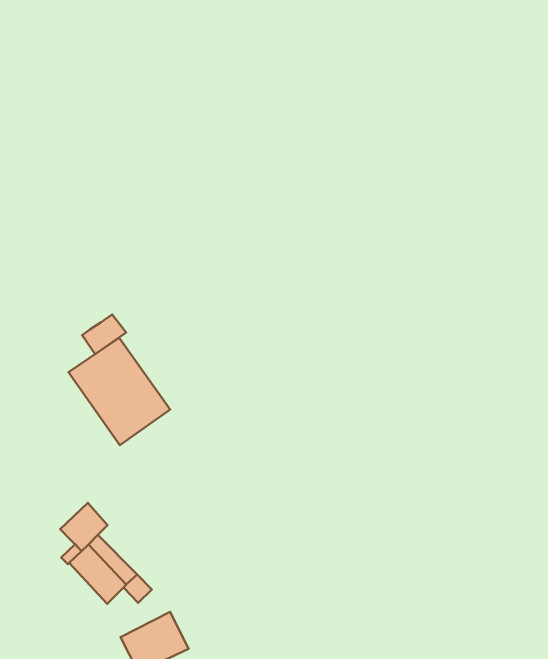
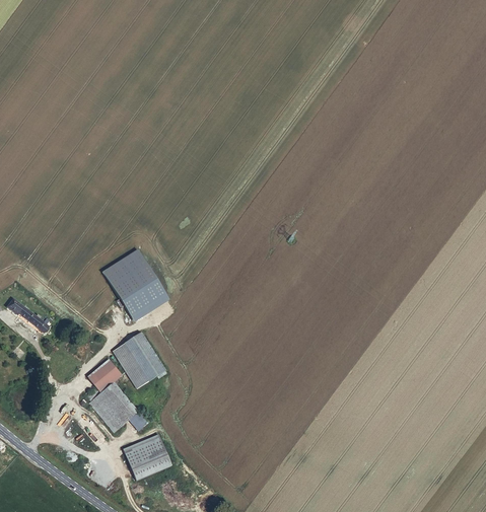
building: [82,315,126,354] -> none
building: none -> [113,333,164,388]

